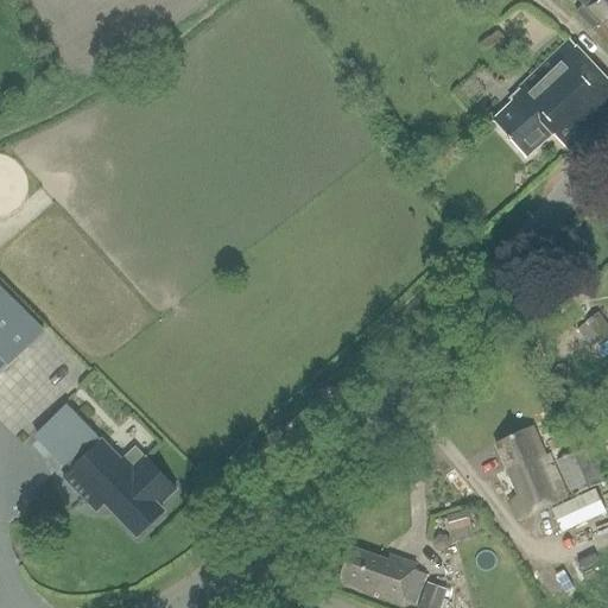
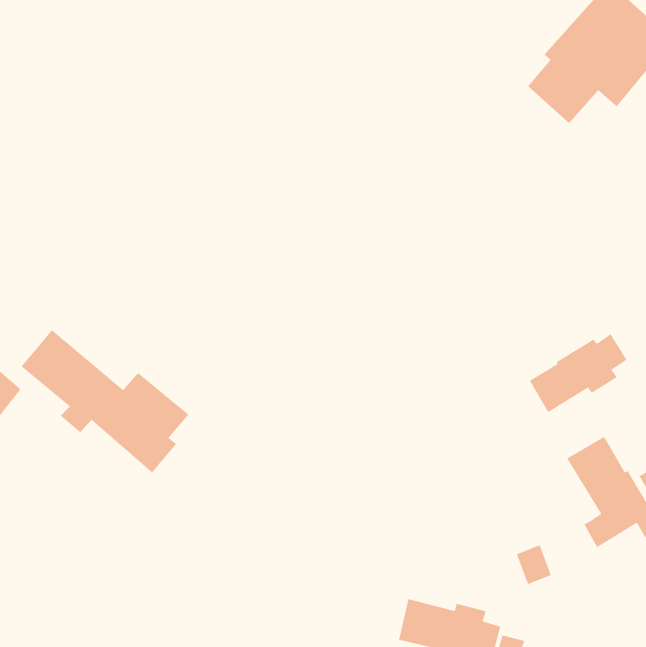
building: none -> [529,333,627,413]
building: [36,403,173,533] -> [21,329,189,473]

